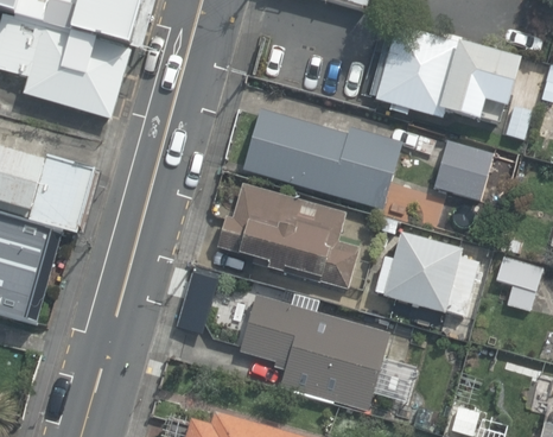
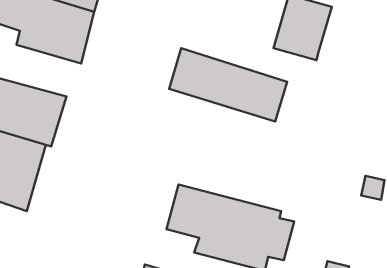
building: [444,49,528,129] -> none
building: [424,132,500,205] -> none
building: [203,177,370,298] -> none
building: [366,222,494,323] -> none

